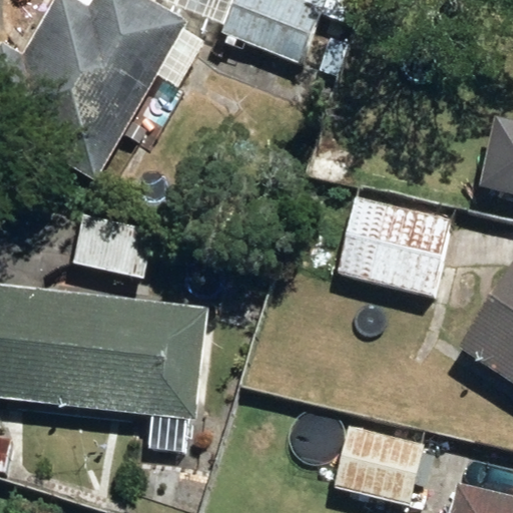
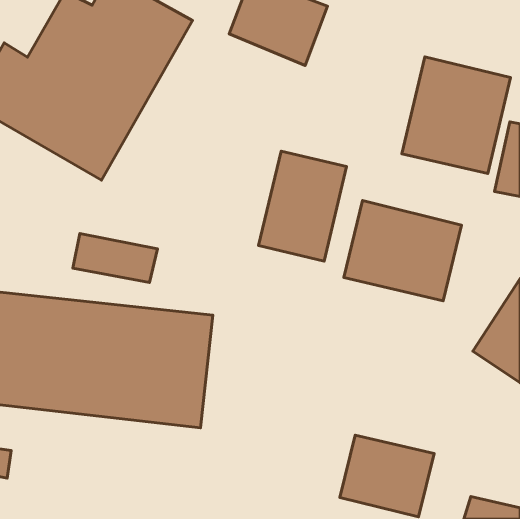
building: none -> [402,57,511,173]
building: none -> [258,151,346,261]

